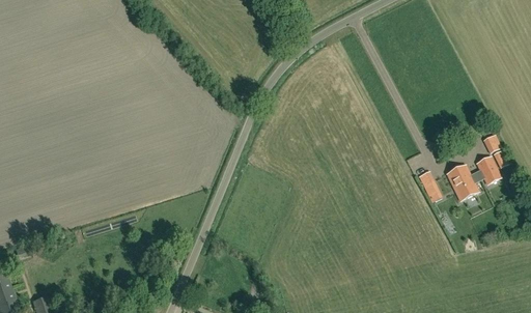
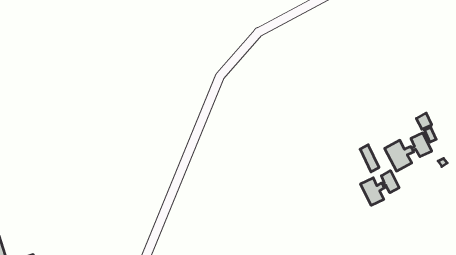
building: none -> [361,171,399,205]

